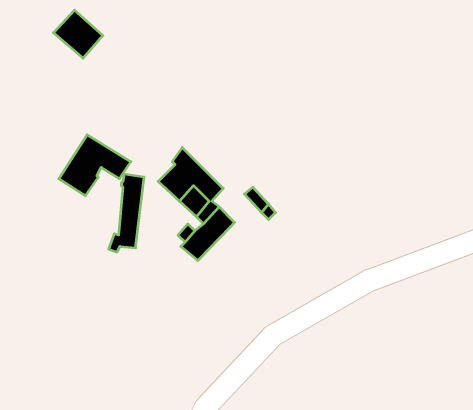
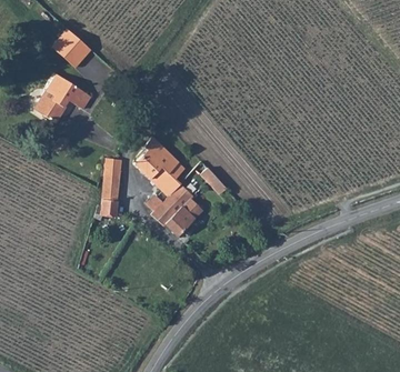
building: [59,135,131,196] -> [34,74,91,122]
building: none -> [166,199,202,235]

